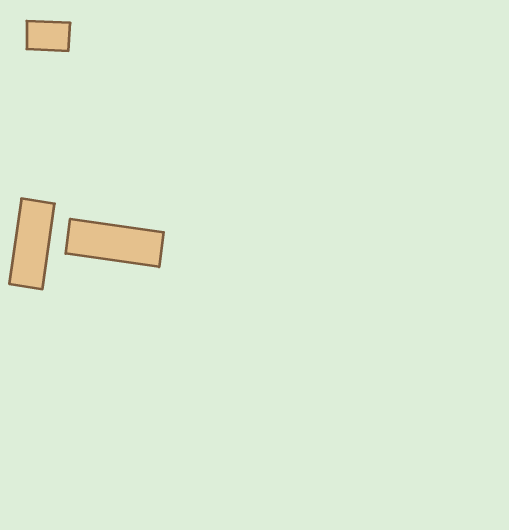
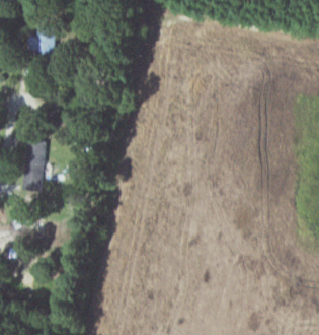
building: [66,219,164,267] -> none

